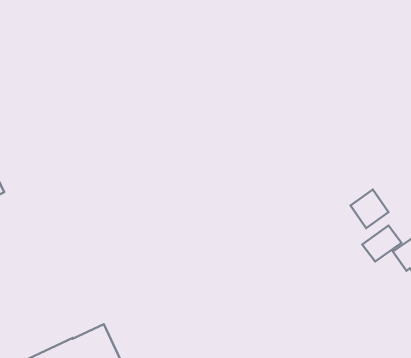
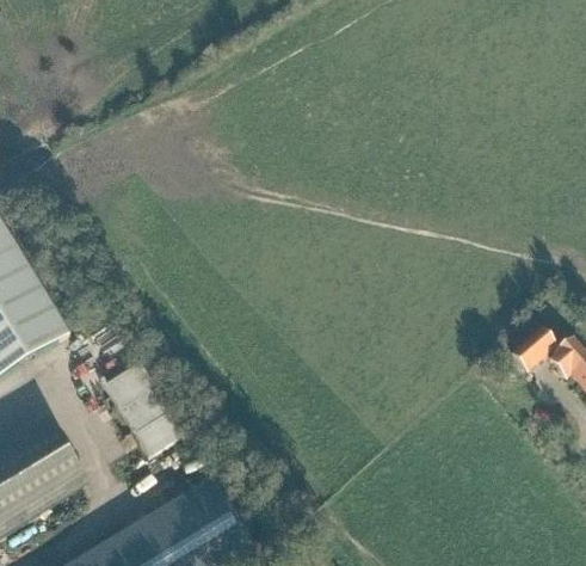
building: [350,189,388,228] -> none

